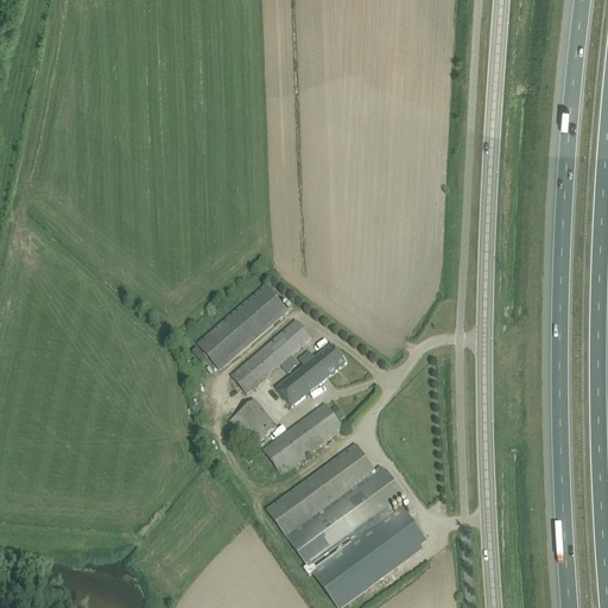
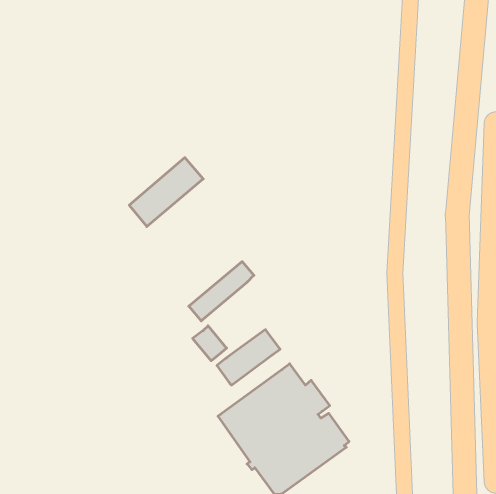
building: [197,284,287,368] -> [129,158,203,227]
building: [276,343,346,406] -> none

